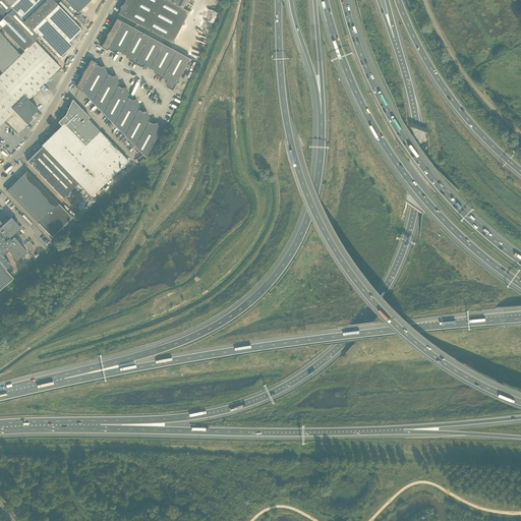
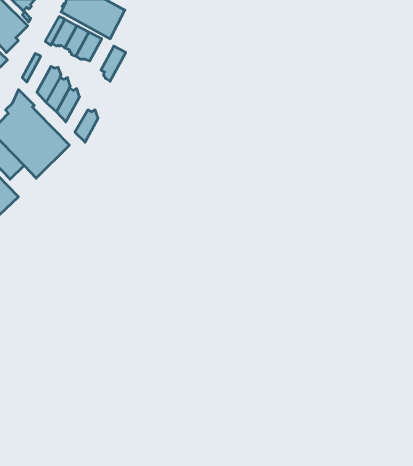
building: [151,43,177,77] -> none
building: [81,64,108,102] -> none
building: [124,109,150,146] -> none

